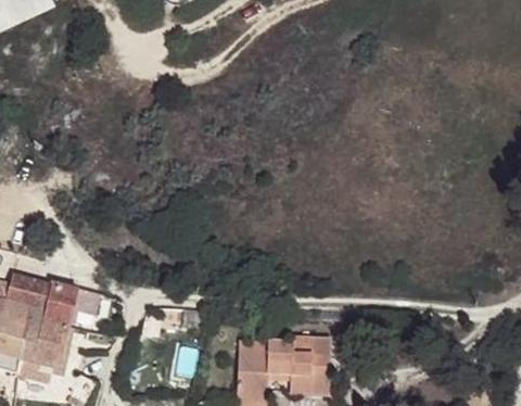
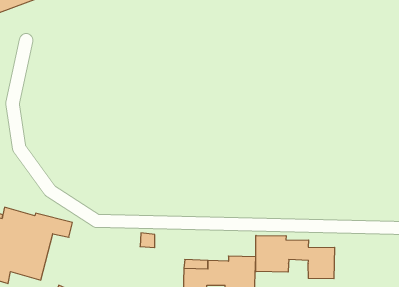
building: none -> [256,235,335,279]

